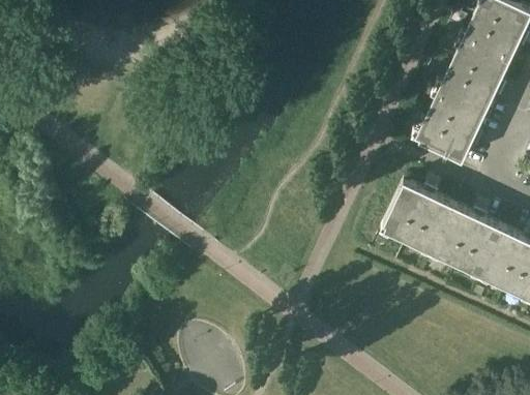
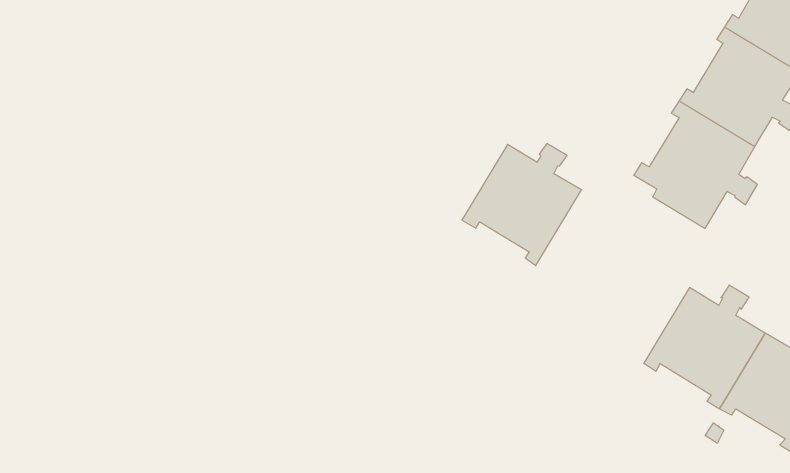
building: [380,179,453,256] -> [462,144,582,266]

